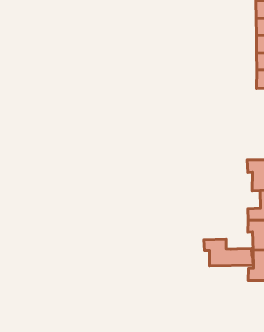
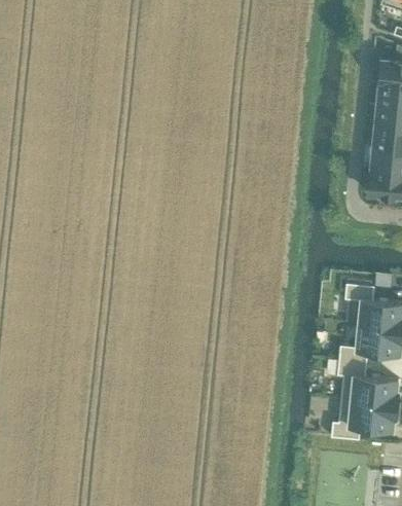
building: [204,239,253,266] -> none

